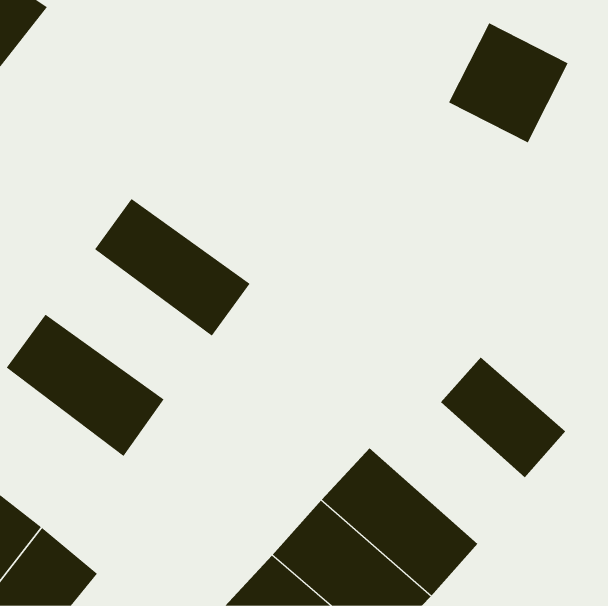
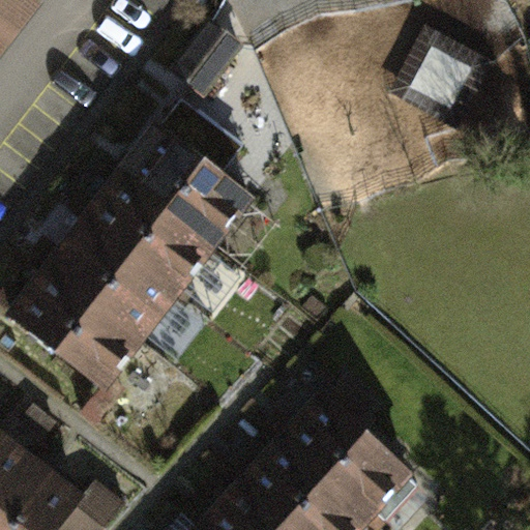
building: none -> [114,118,256,246]
building: none -> [39,216,184,347]
building: [440,356,566,478] -> none

